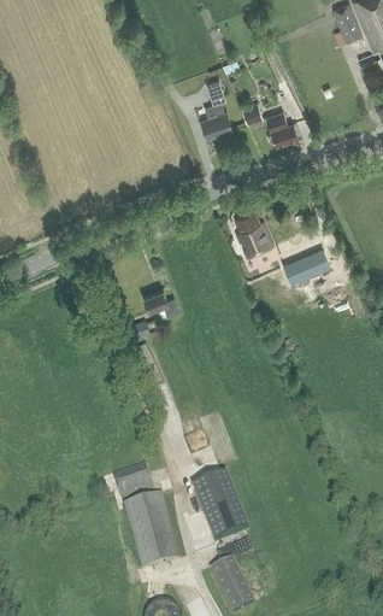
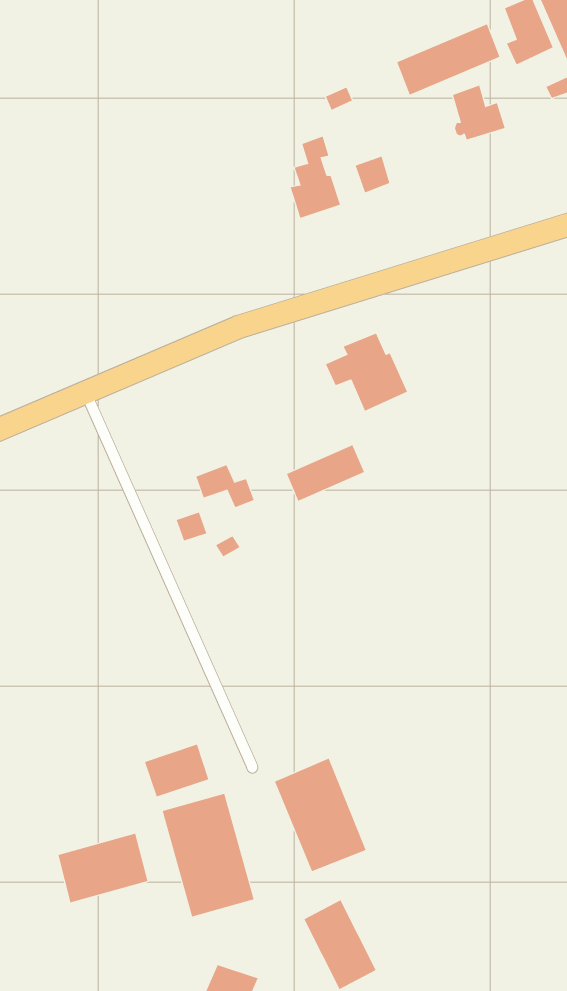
building: none -> [397,24,500,96]
building: [266,113,299,147] -> [452,85,505,140]
building: [283,251,331,286] -> [286,444,365,502]
building: none -> [58,833,148,903]

